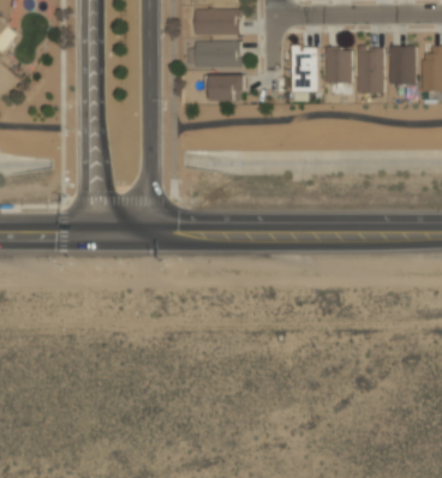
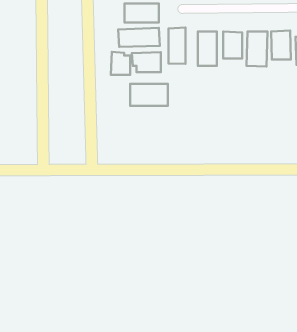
building: none -> [169,28,185,64]
building: none -> [111,52,130,75]
building: none -> [130,84,168,106]

